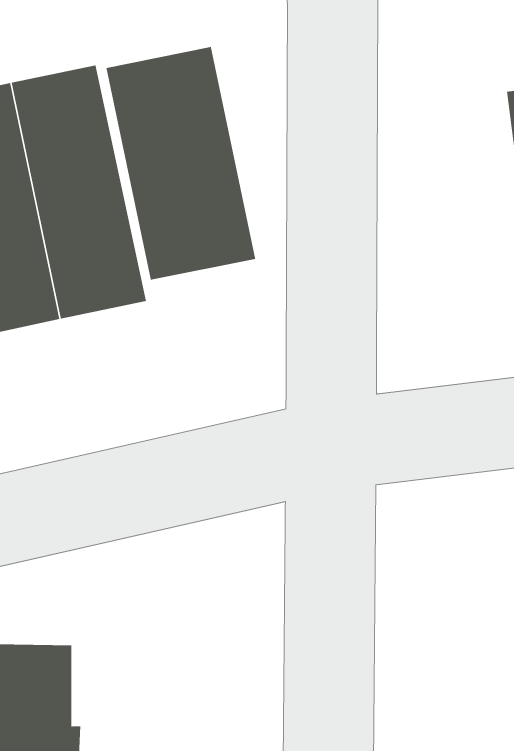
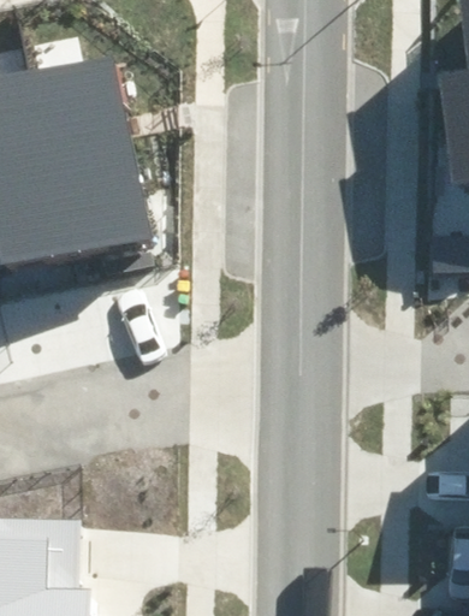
building: [106,46,256,281] -> none

